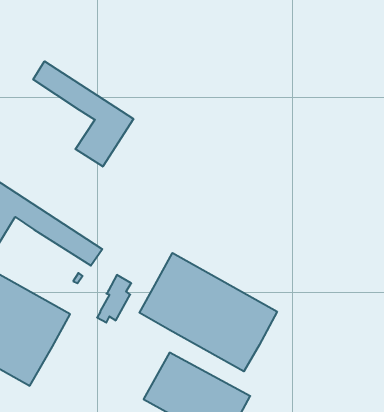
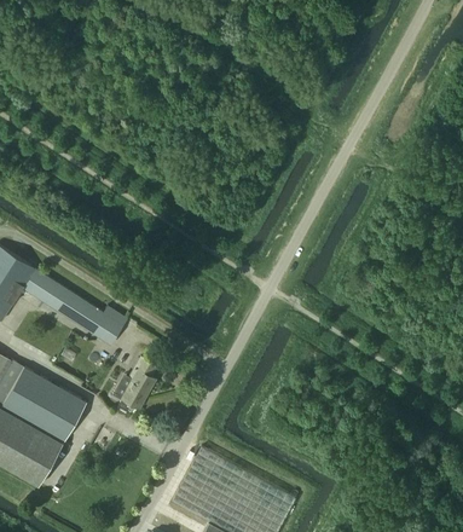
building: [33,61,133,167] -> none
building: [139,253,277,371] -> none

